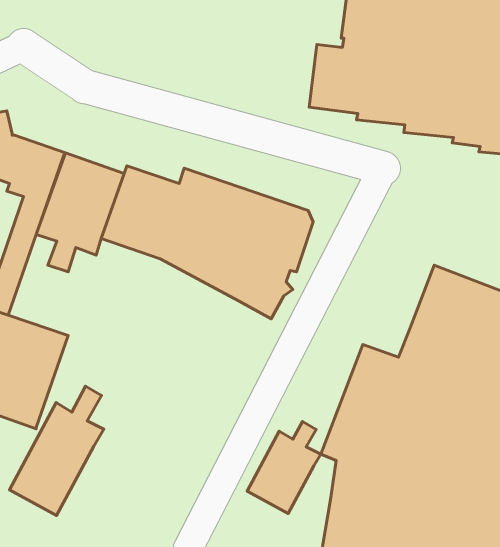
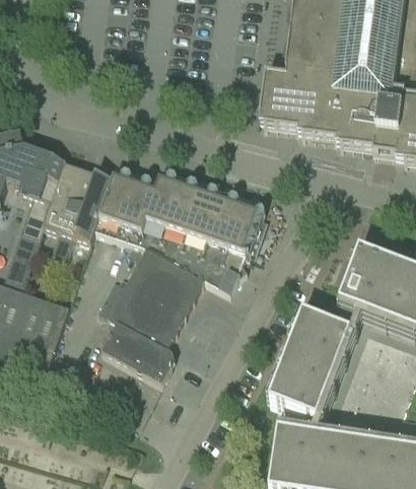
building: none -> [100,248,204,383]
building: [9,386,104,515] -> none
building: [247,421,321,513] -> none

